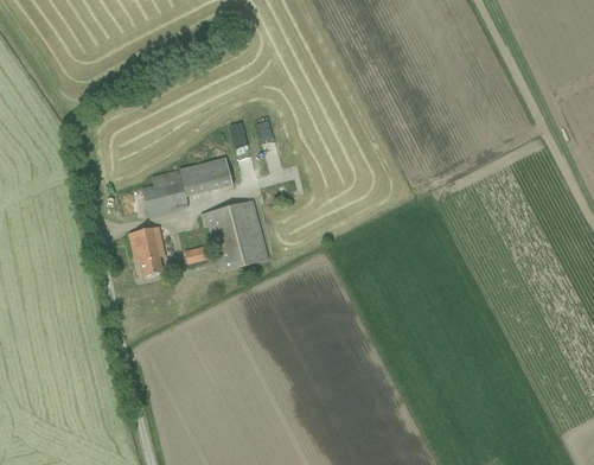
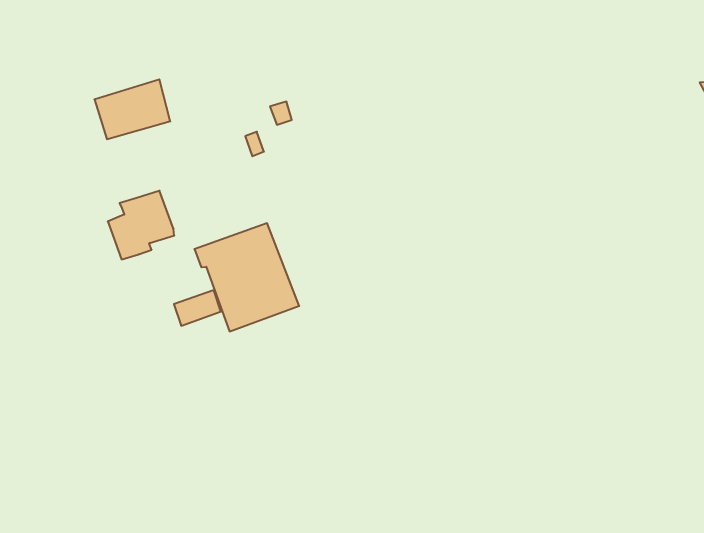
building: [186,159,237,197] -> [94,79,170,139]
building: [129,225,166,275] -> none

